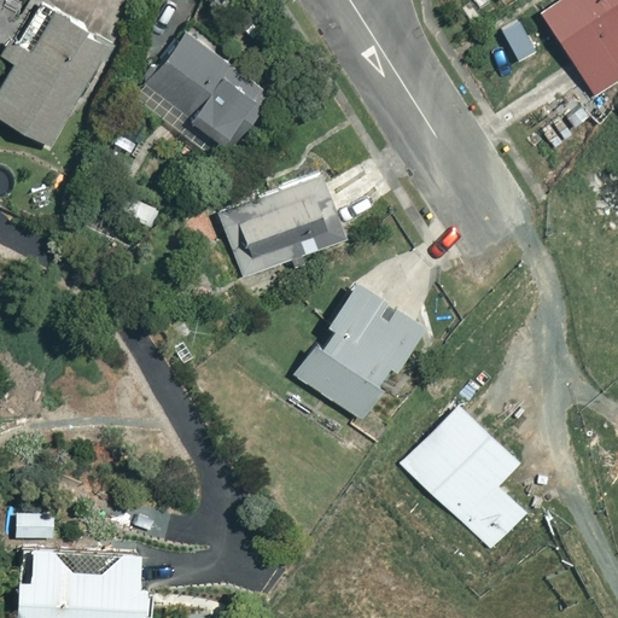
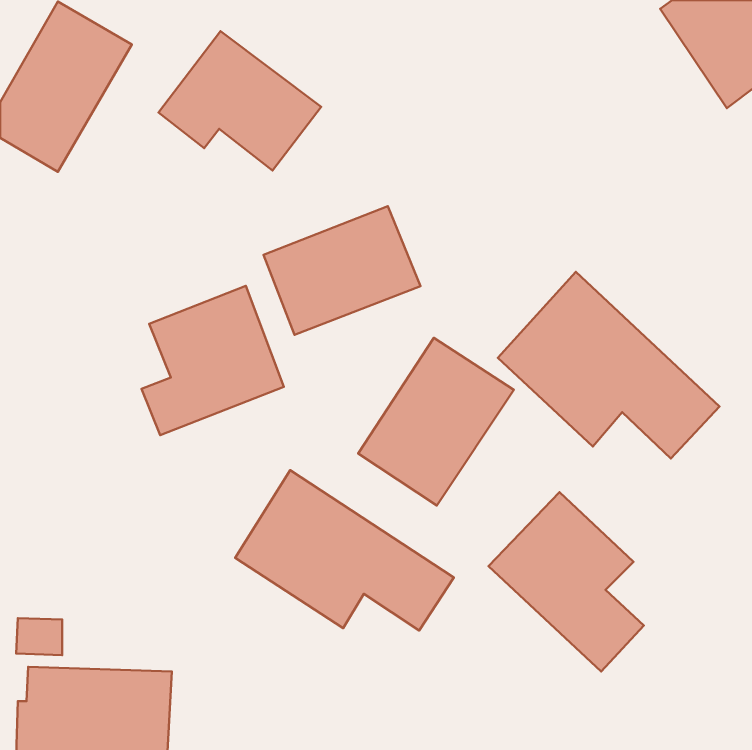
building: none -> [498,272,719,458]
building: none -> [142,286,284,435]
building: none -> [235,470,454,630]

